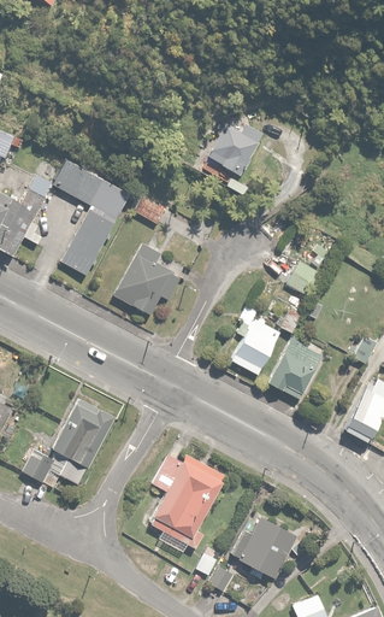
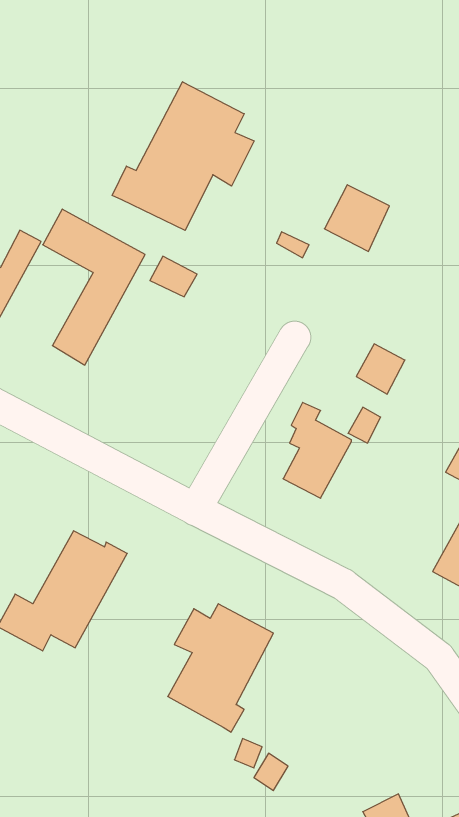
building: none -> [112,82,254,230]
building: [208,124,256,174] -> [324,185,389,251]
building: [112,242,179,316] -> none
building: [268,336,325,400] -> none
building: [231,515,296,577] -> none

